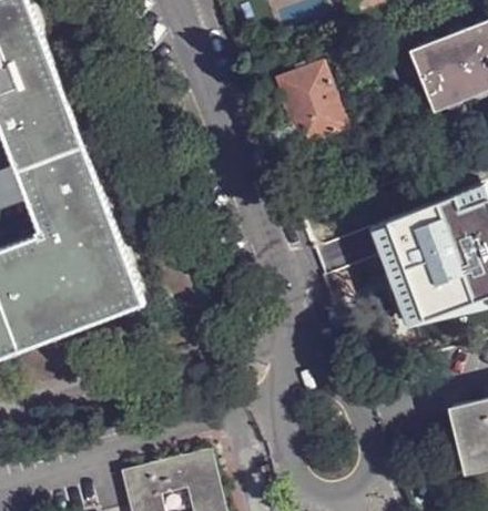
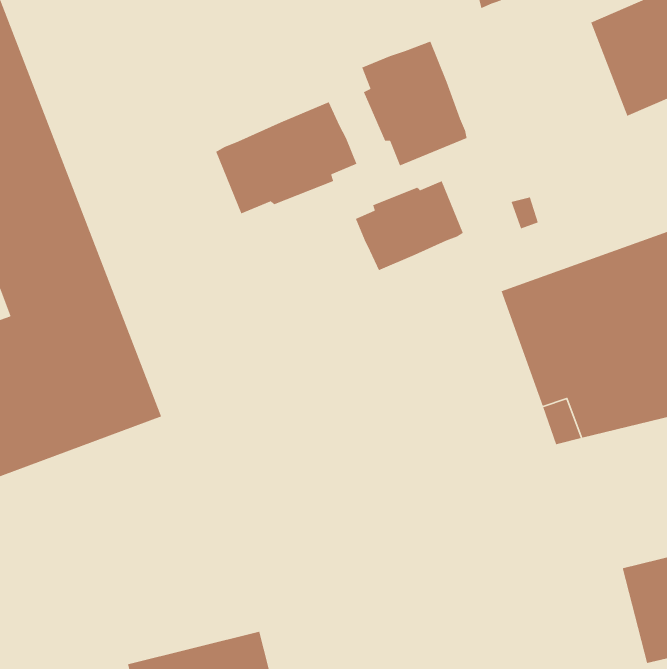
building: [401,43,455,117] -> none
building: none -> [215,101,358,215]
building: none -> [355,180,464,271]

